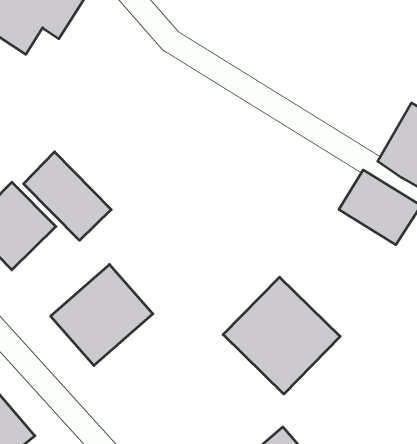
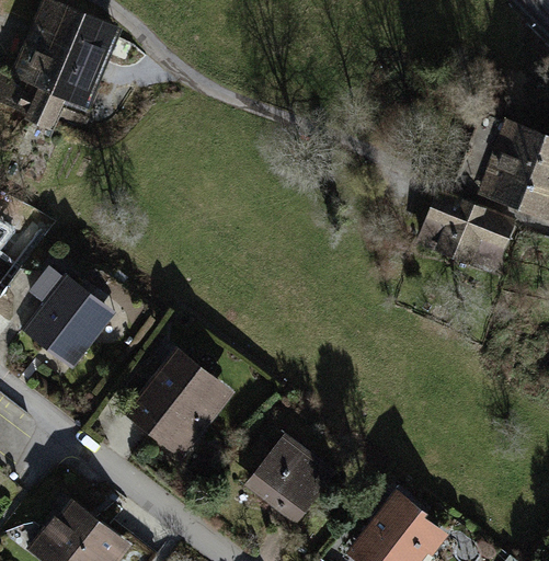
building: [24,152,111,240] -> none
building: [223,277,340,394] -> none
building: none -> [252,434,334,515]

